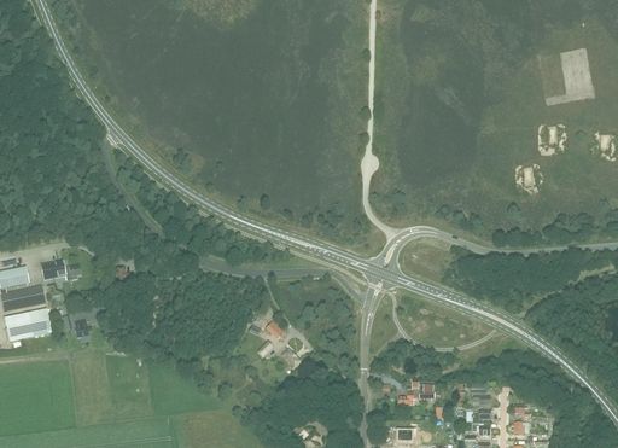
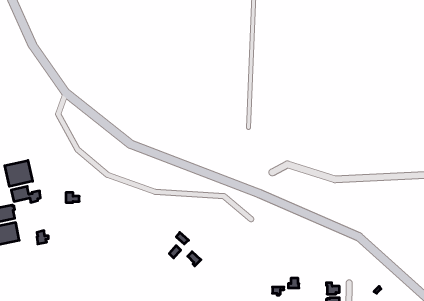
building: none -> [5,160,33,186]

